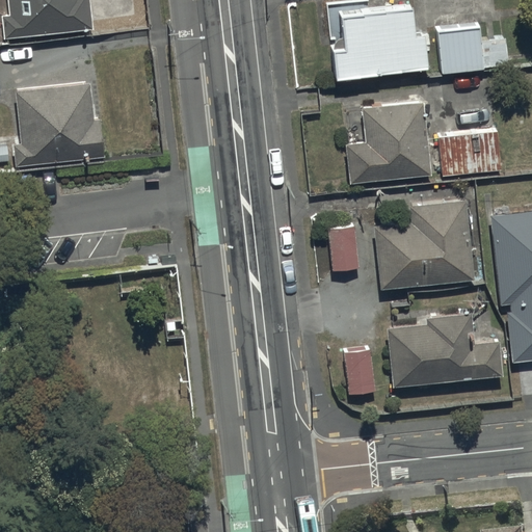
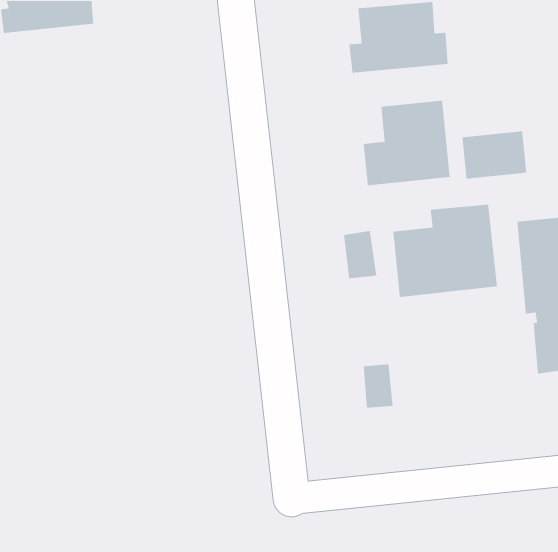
building: [437,28,508,74] -> none
building: [15,84,104,167] -> none
building: [387,314,502,387] -> none

